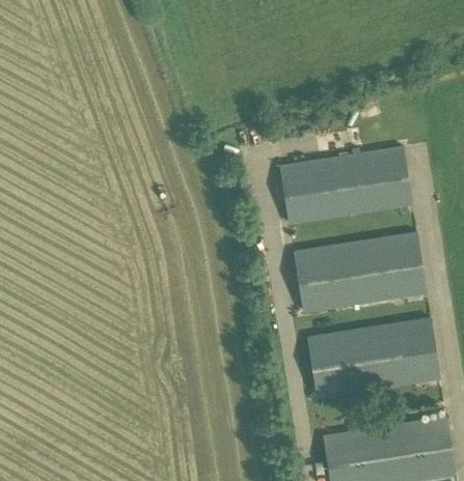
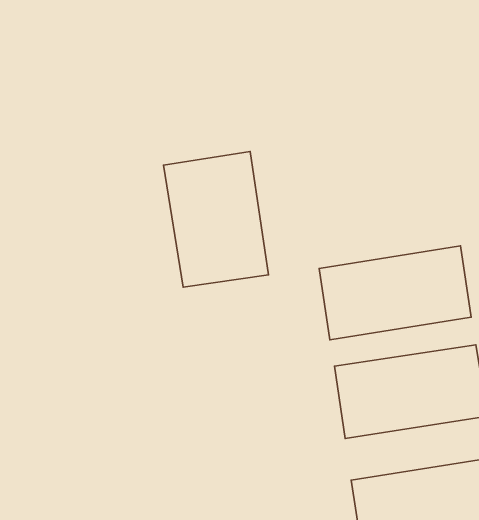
building: [279,146,412,224] -> none
building: none -> [164,151,269,287]

